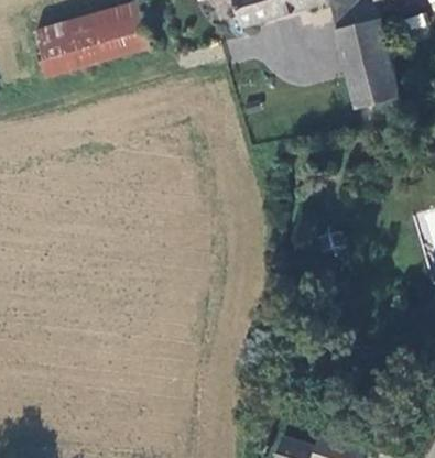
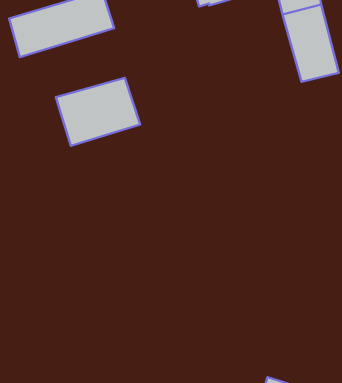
building: none -> [56,78,140,146]

